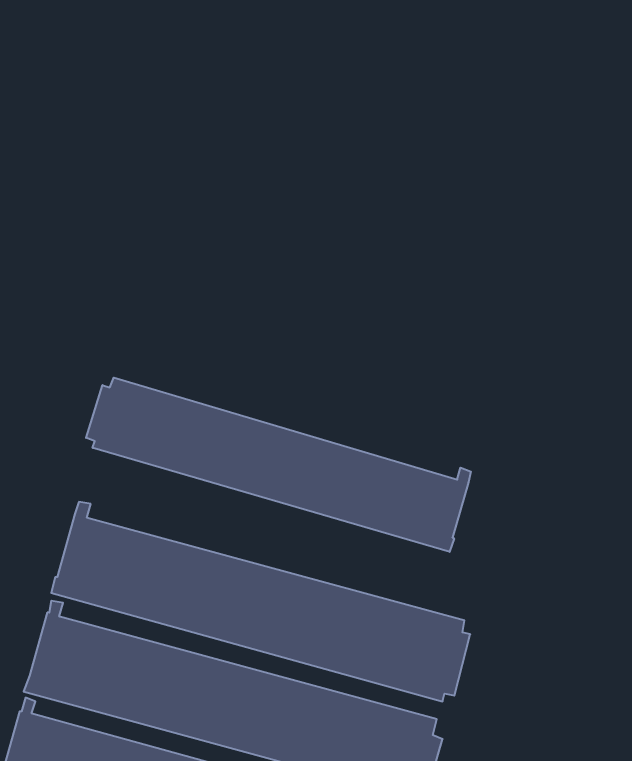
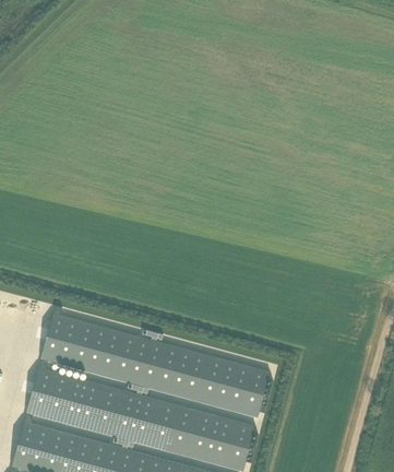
building: [86,378,471,552] -> none

